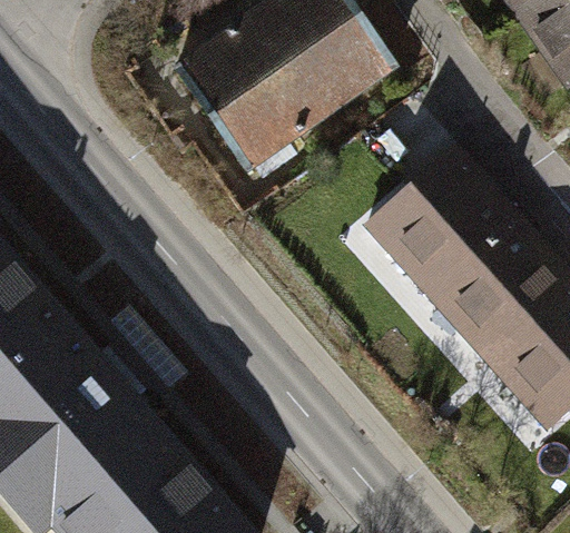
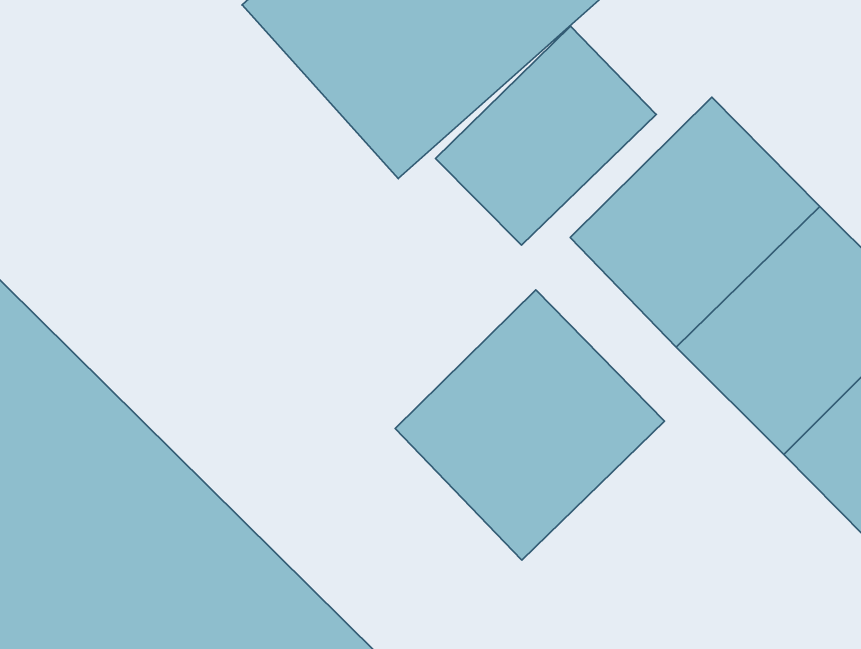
building: none -> [436,26,656,245]
building: none -> [395,290,664,560]

